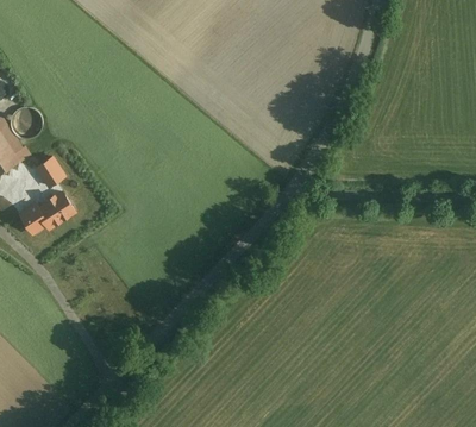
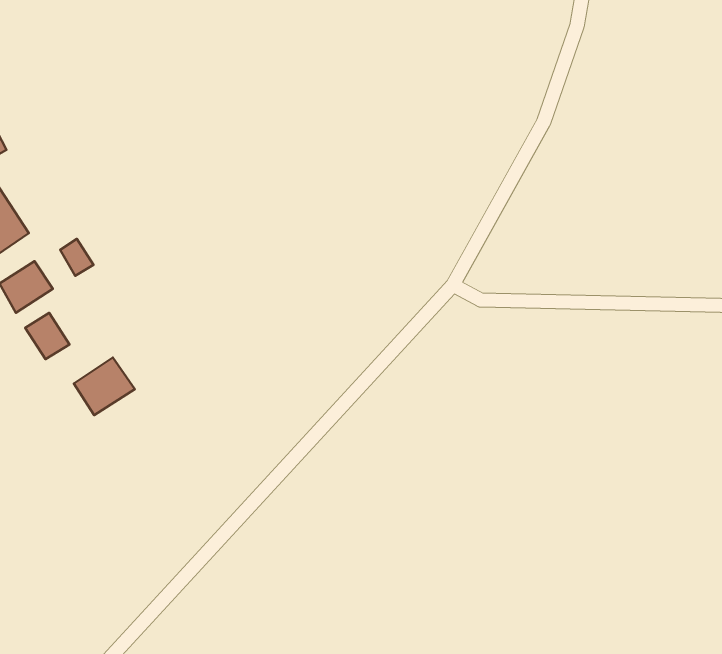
building: [38,190,77,227] -> [74,358,135,415]

